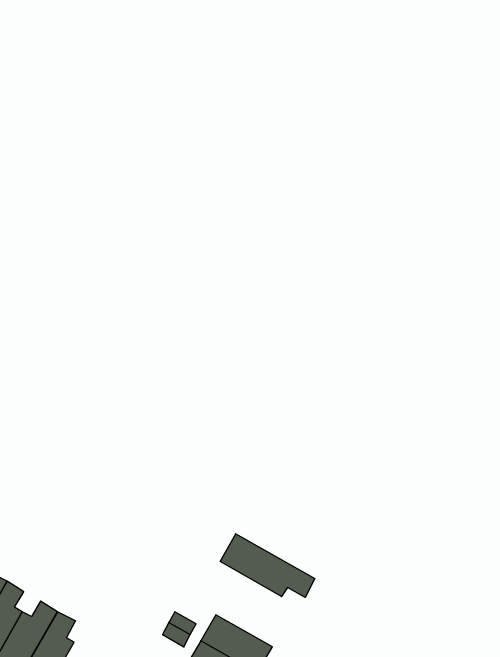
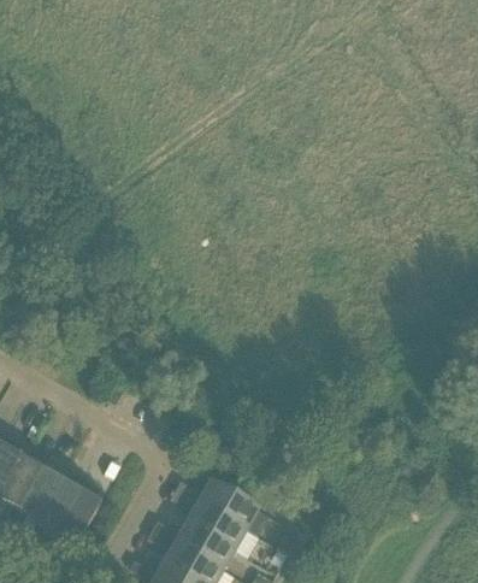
building: [220,534,315,597] -> none

